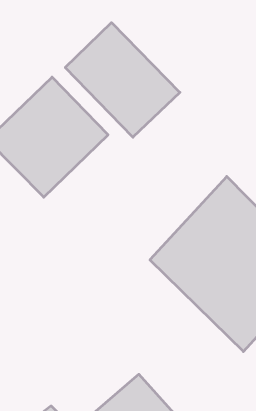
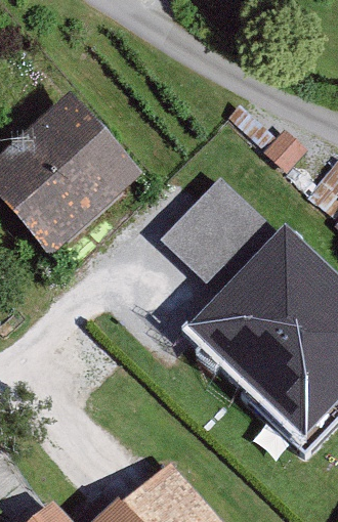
building: [65,23,180,137] -> none
building: none -> [160,177,256,274]

